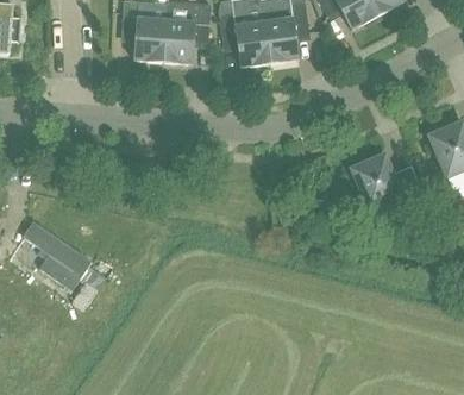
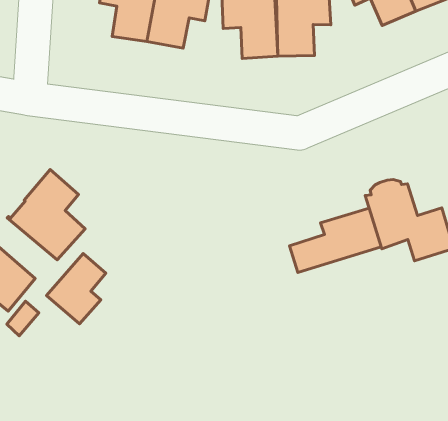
building: none -> [7,170,85,260]
building: none -> [289,208,381,273]
building: none -> [47,254,106,324]

